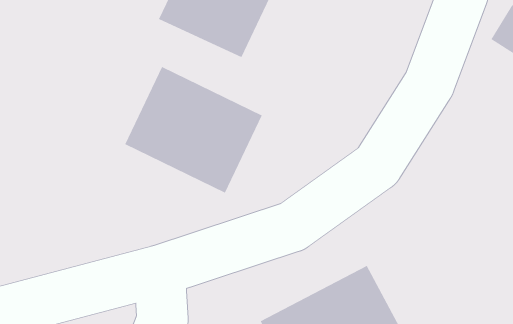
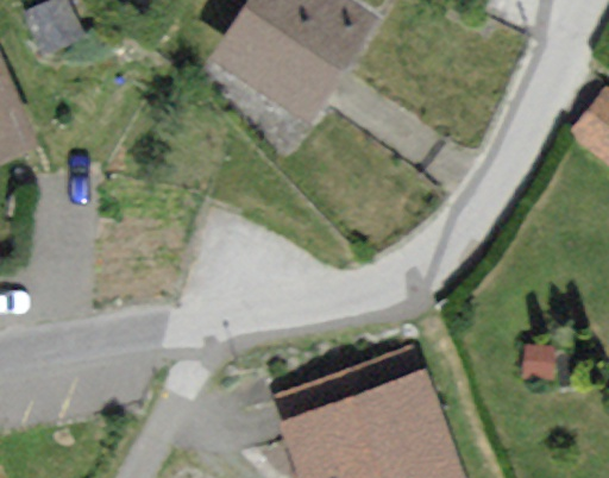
building: [125,66,263,193] -> none

